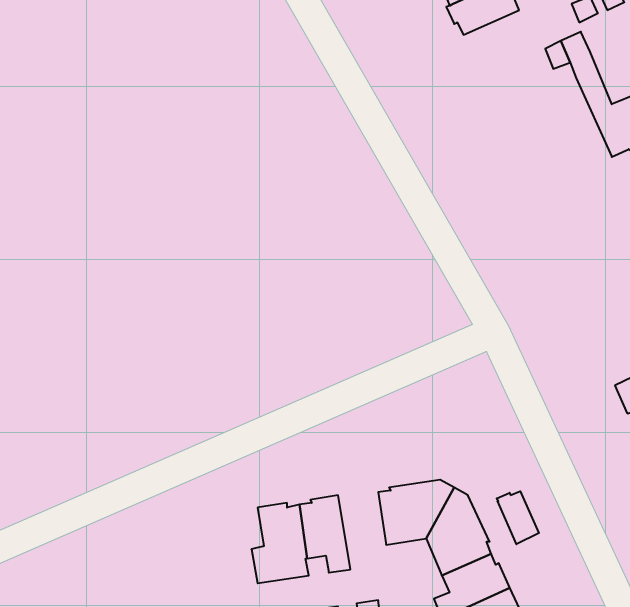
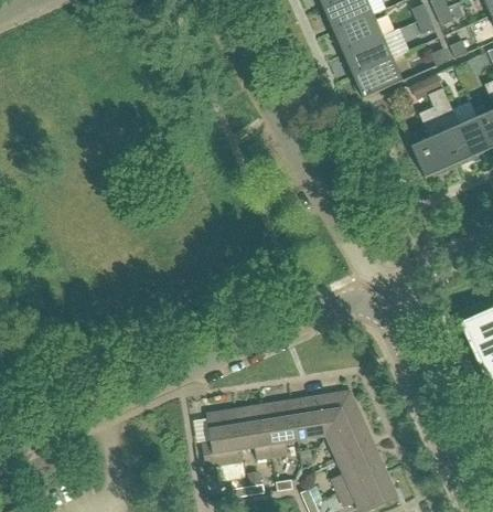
building: none -> [351,56,404,97]
building: none -> [411,105,459,177]
building: none -> [264,399,298,456]
building: [497,491,539,544] -> none

